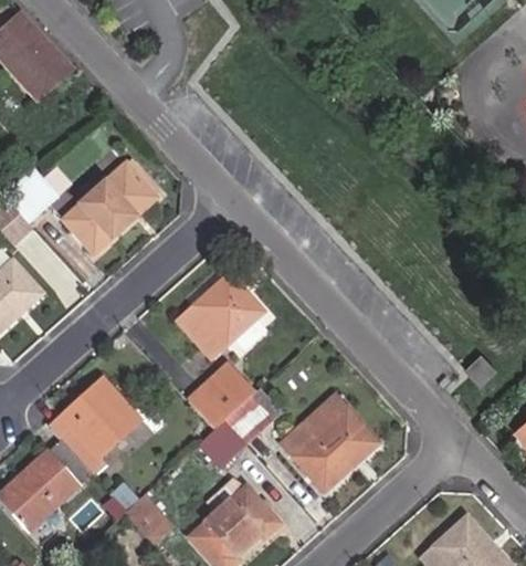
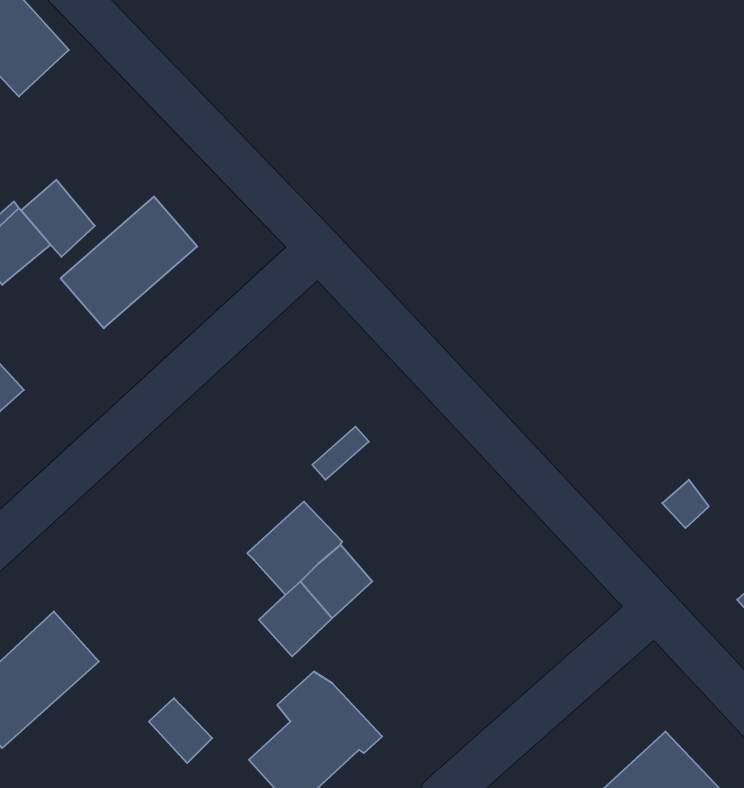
building: none -> [21,180,95,257]
building: [179,275,262,357] -> none
building: [61,379,139,473] -> none
building: [283,397,376,490] -> none

